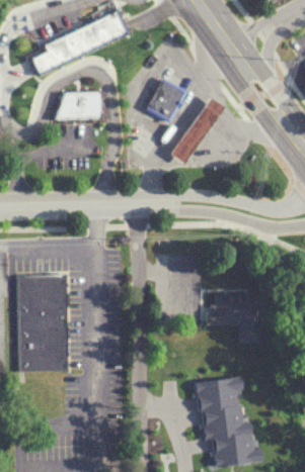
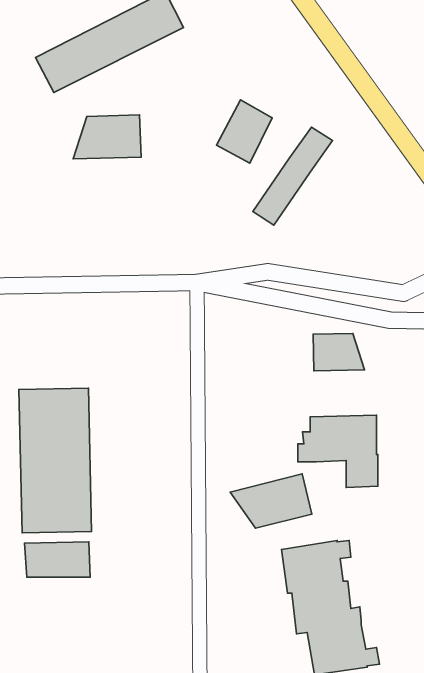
building: none -> [313,333,365,371]
building: none -> [230,474,312,528]
building: none -> [25,542,90,577]

